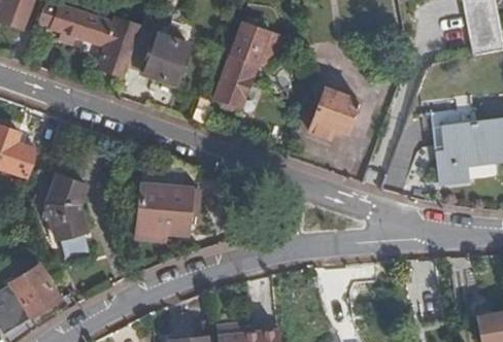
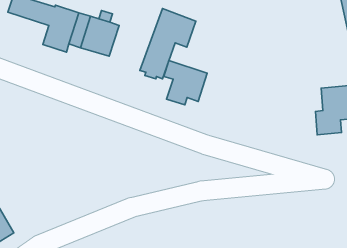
building: [306,83,360,138] -> [164,61,207,105]
building: [49,174,91,255] -> none
building: [141,189,196,237] -> none

